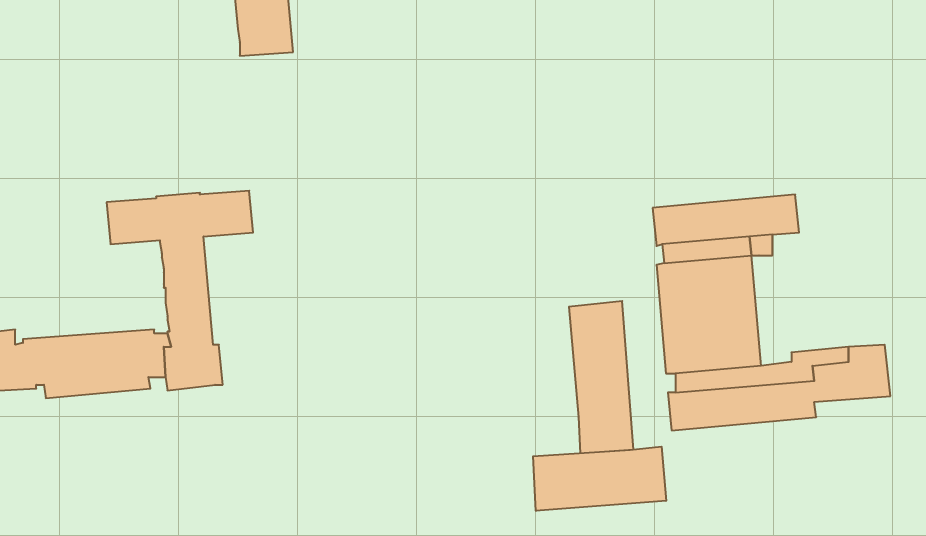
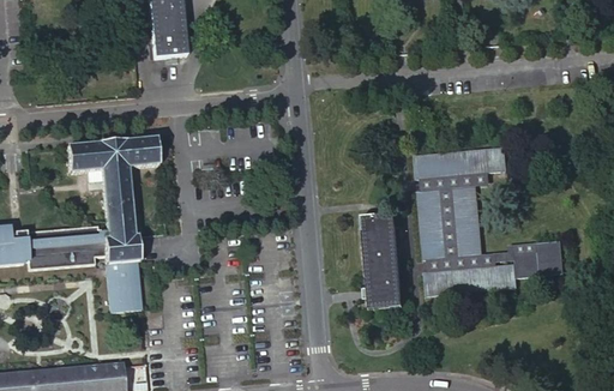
building: none -> [108,265,143,315]
building: [533,447,666,511] -> none

